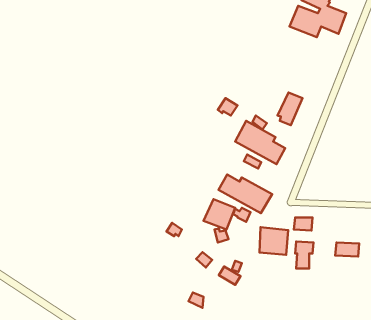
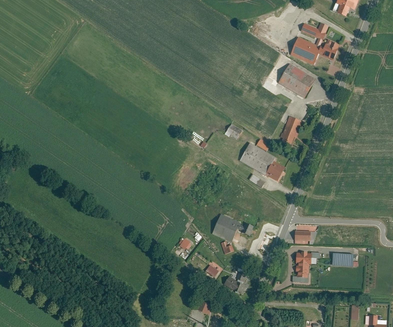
building: none -> [277,63,316,98]
building: [219,175,272,213] -> none
building: [259,227,288,255] -> none

